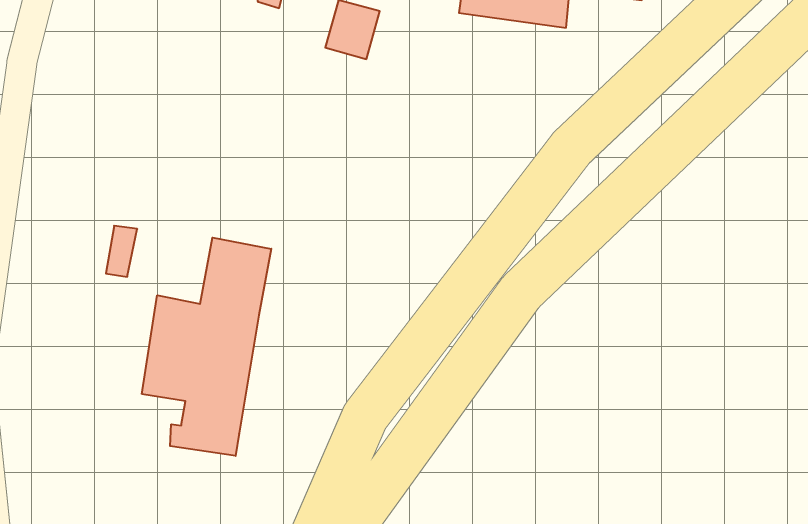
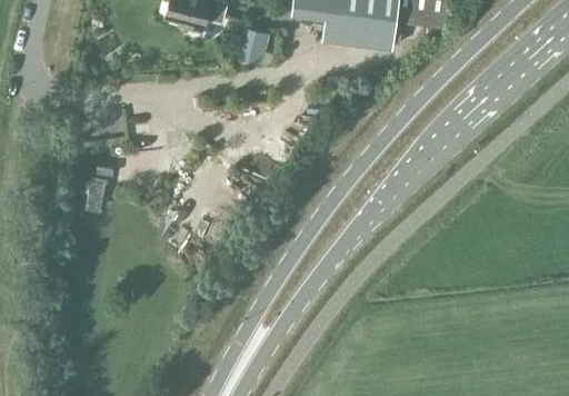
building: [142,238,271,456] -> none

